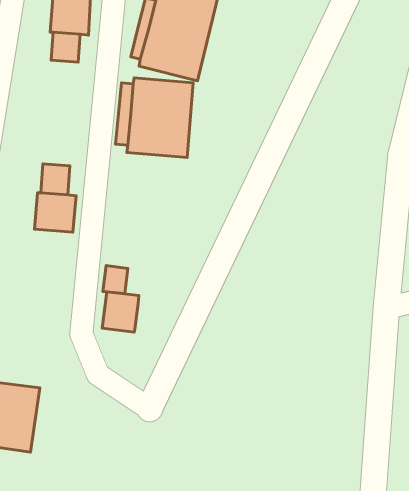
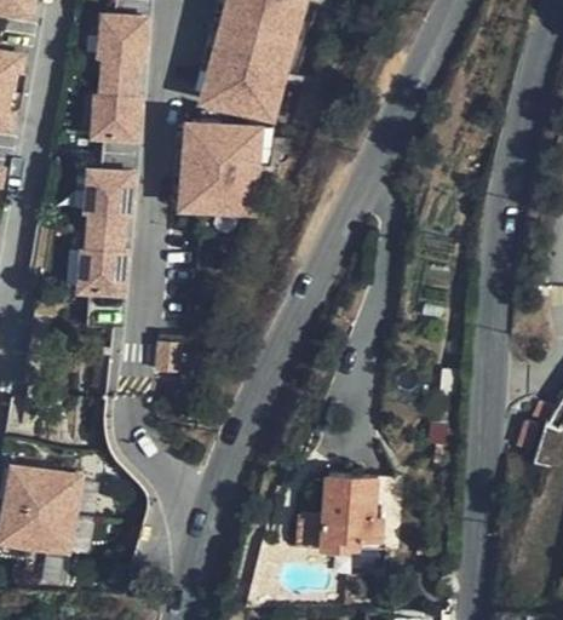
building: none -> [91,96,139,144]
building: none -> [85,173,133,220]
building: [102,292,139,332] -> none
building: none -> [295,473,393,552]

